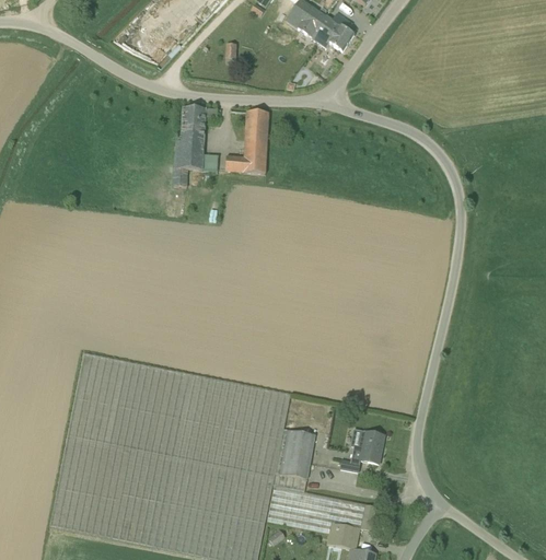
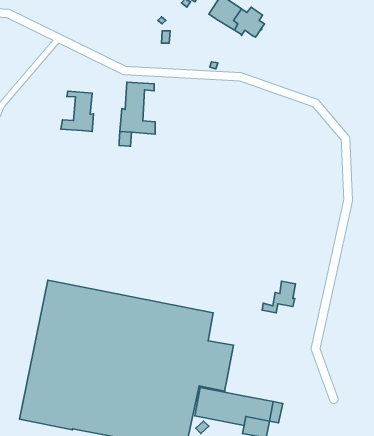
building: [225,112,268,174] -> none
building: none -> [61,91,93,131]
building: [340,432,382,471] -> [262,281,296,313]

